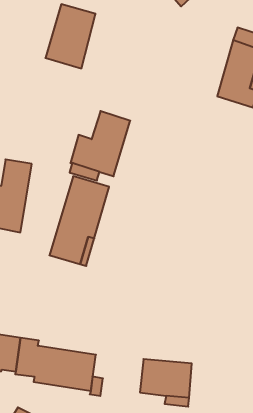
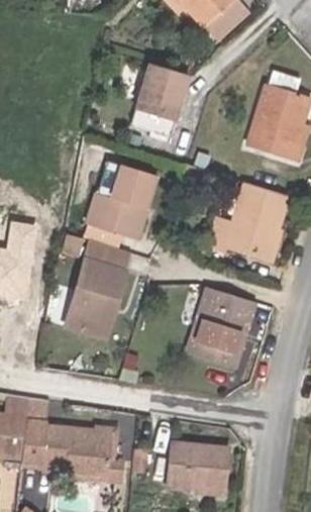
building: [45,4,96,68] -> [127,65,185,138]
building: none -> [208,178,286,254]
building: none -> [186,281,253,362]

